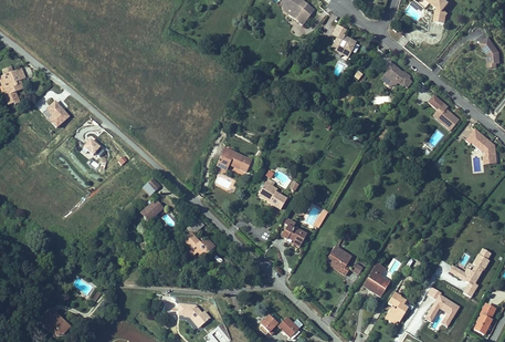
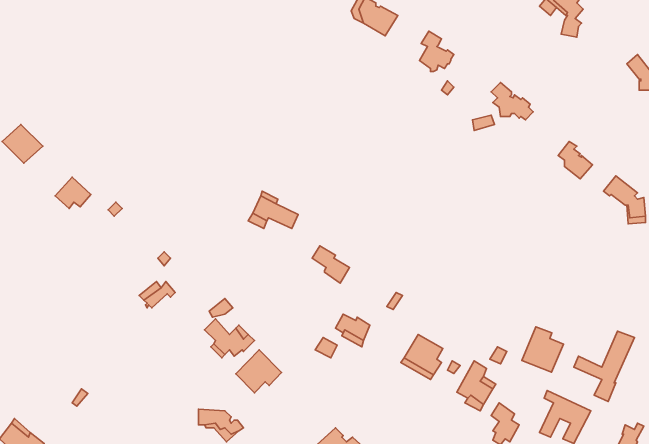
building: none -> [522,327,563,372]
building: none -> [236,350,282,393]

